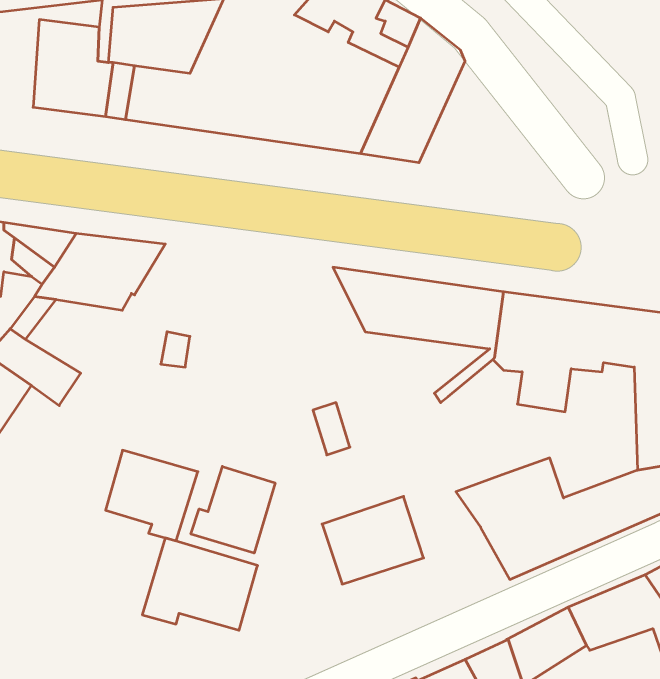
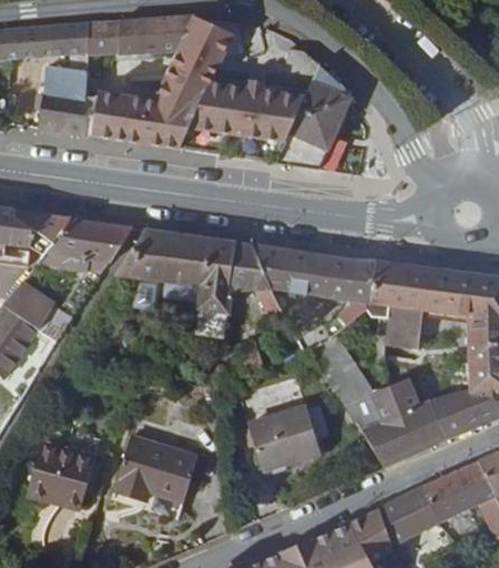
building: none -> [118,227,287,336]
building: none -> [307,335,376,404]
building: [106,450,198,541] -> [31,443,98,508]
building: [191,466,275,553] -> none

